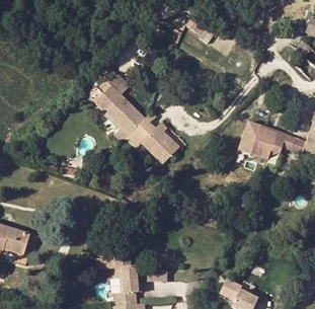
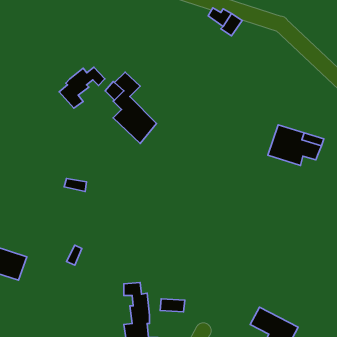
building: none -> [59,67,105,108]
building: [125,113,178,164] -> none

